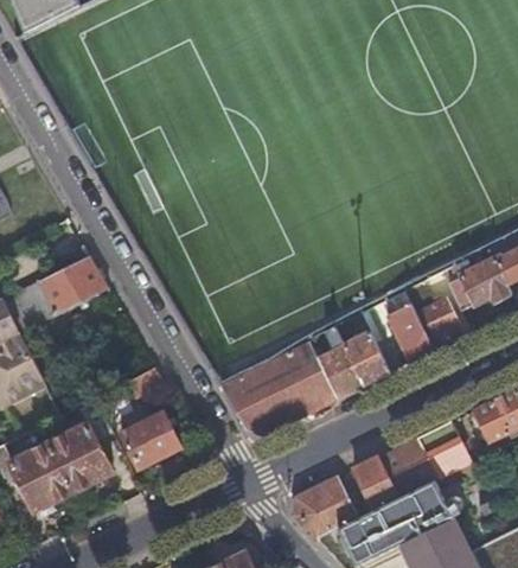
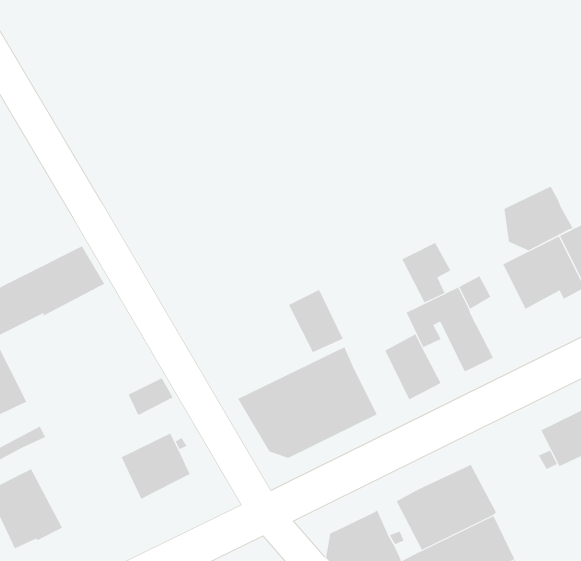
building: none -> [504,186,573,251]
building: [416,299,458,350] -> [401,242,451,303]
building: [318,344,364,397] -> [288,289,344,353]
building: [49,397,115,492] -> none
building: [416,422,472,479] -> none

